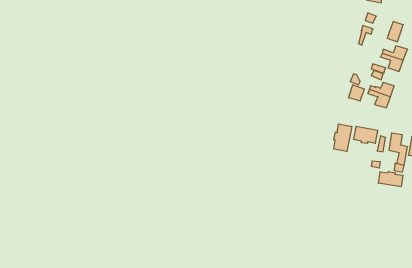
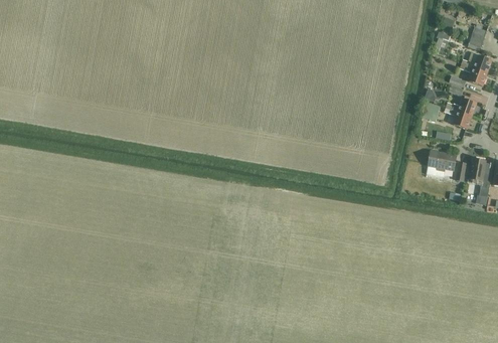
building: [334,124,352,152] -> none
building: [378,171,403,187] -> none

